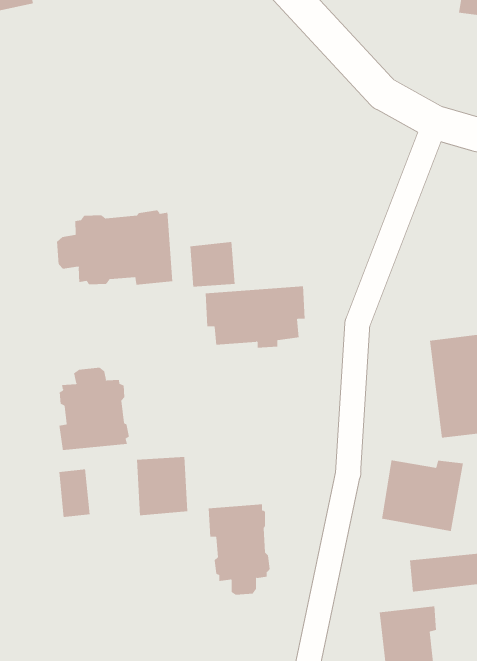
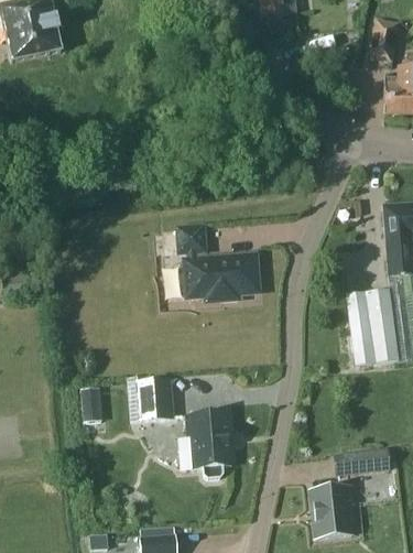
building: [57,210,173,286] -> none
building: [59,367,130,451] -> none
building: [382,460,463,532] -> none

